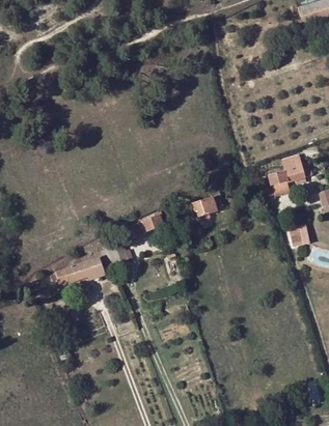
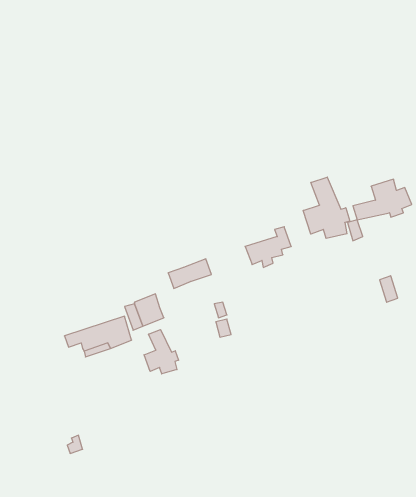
building: none -> [303,177,350,238]
building: none -> [144,330,179,374]

